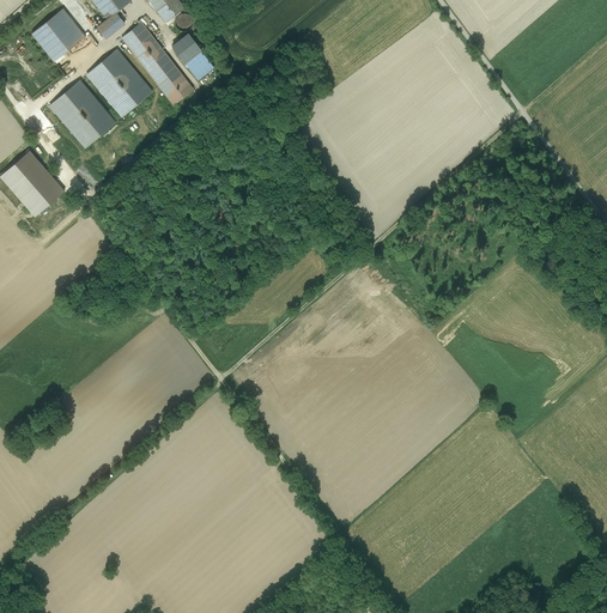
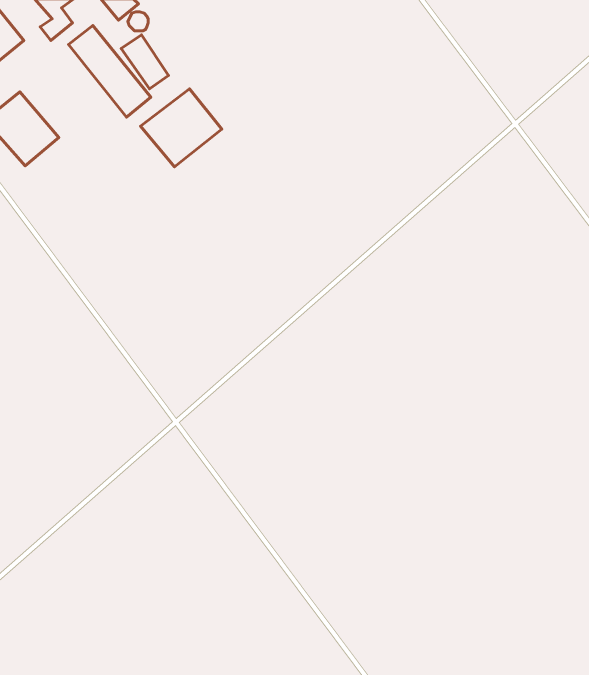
building: [84,49,148,116] -> none
building: none -> [141,89,222,167]

